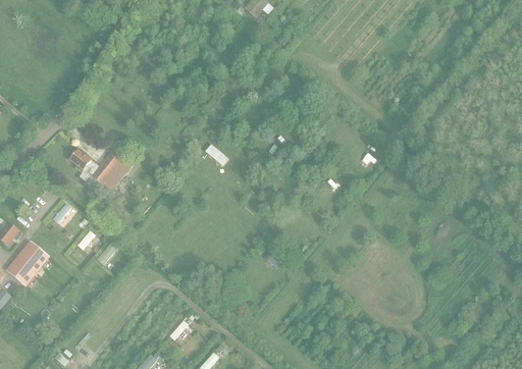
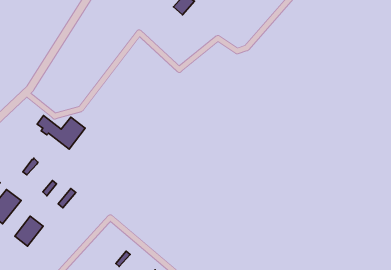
building: none -> [15,216,43,246]

